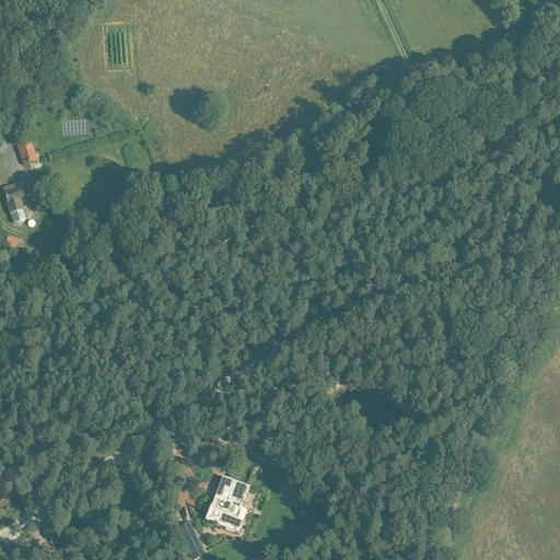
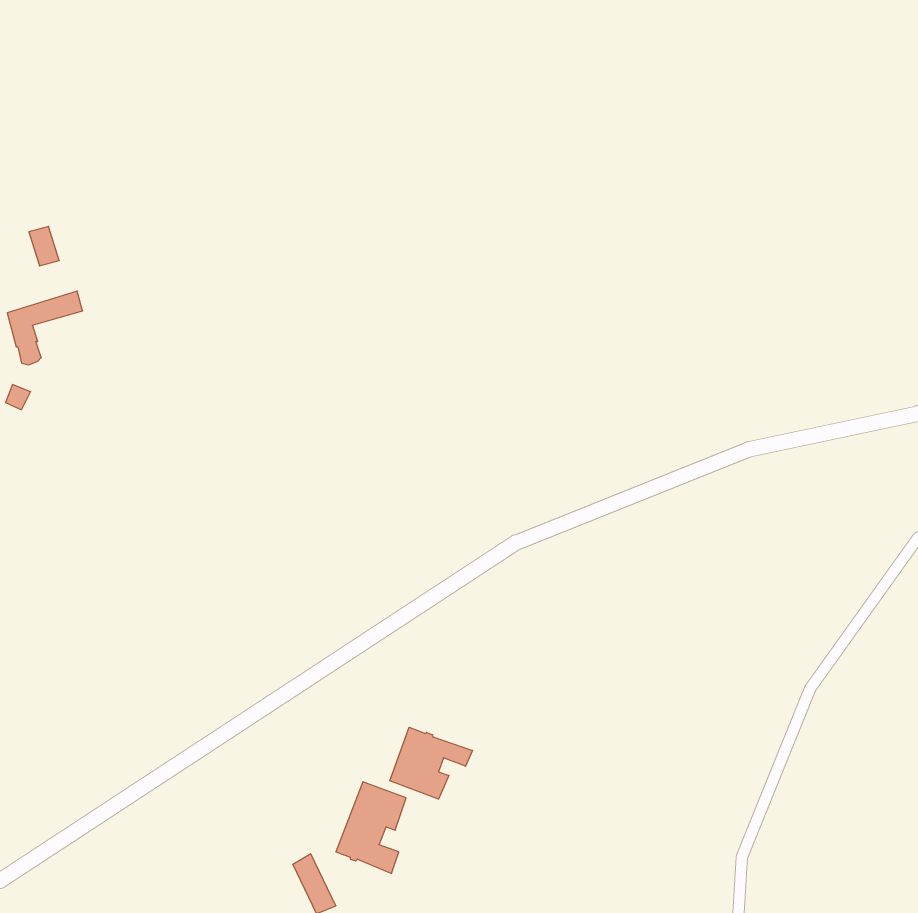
building: none -> [390,727,472,799]

